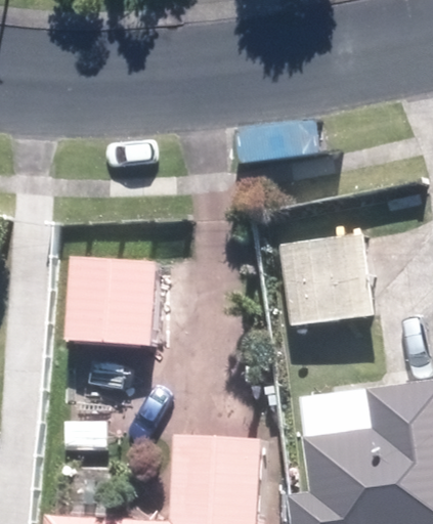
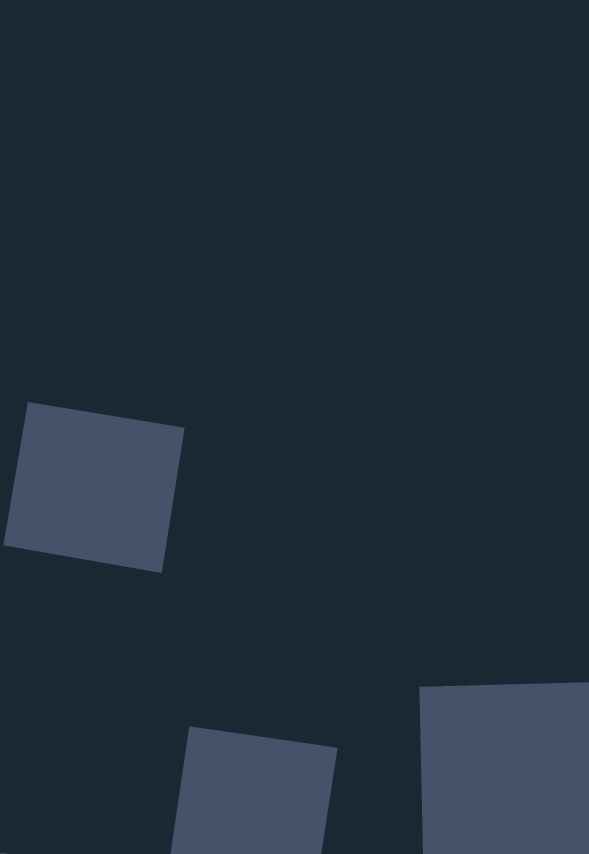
building: [282,235,372,324] -> none

